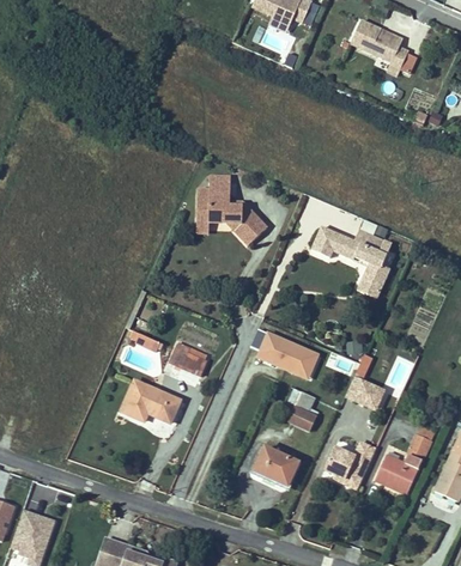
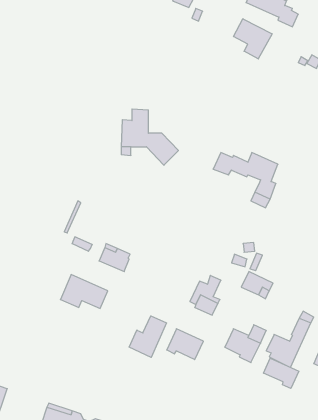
building: none -> [234,19,272,59]
building: [255,329,321,377] -> none
building: none -> [129,316,166,357]
building: none -> [264,358,299,388]

